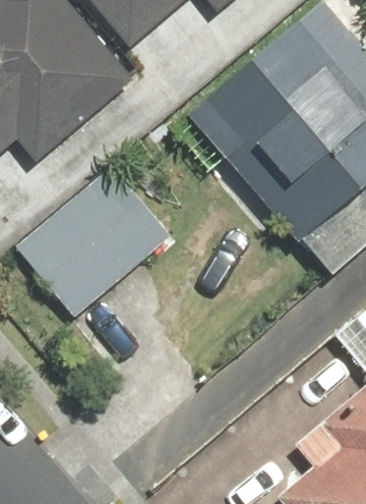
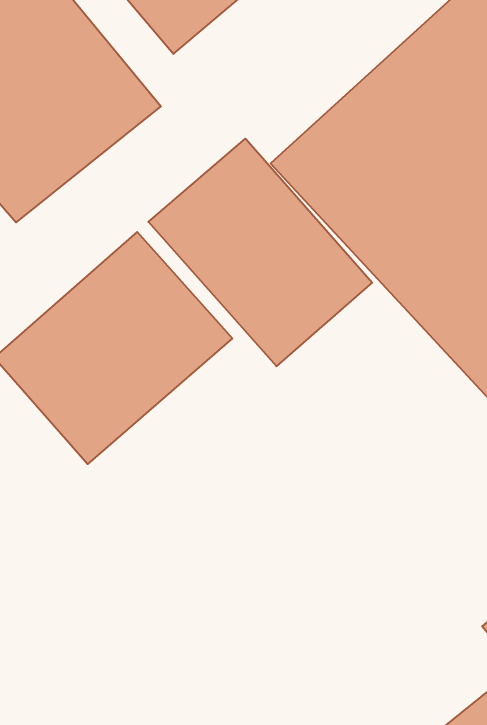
building: none -> [148,139,372,366]

